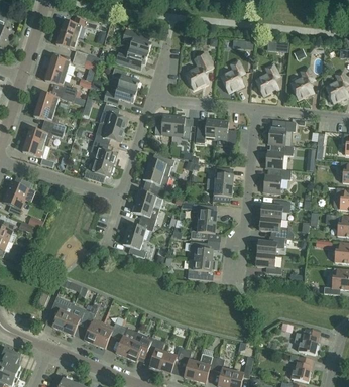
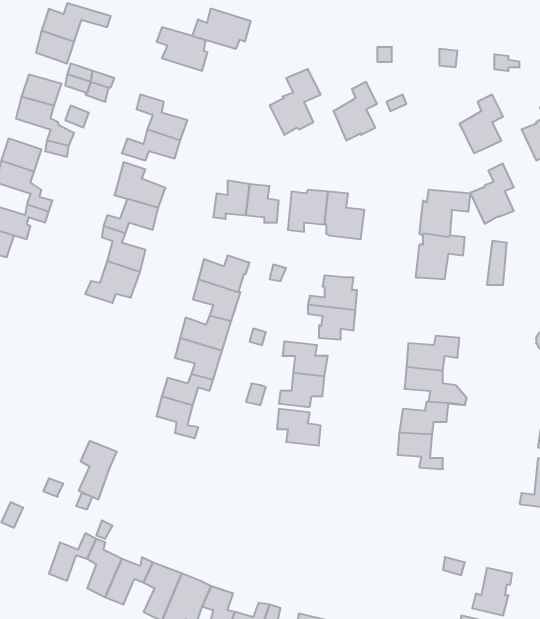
building: [115,46,147,69] -> [192,9,251,49]
building: [254,62,278,96] -> [470,163,514,224]
building: [262,167,290,194] -> none
building: [187,258,216,279] -> none
building: [51,298,73,331] -> [79,441,117,499]

